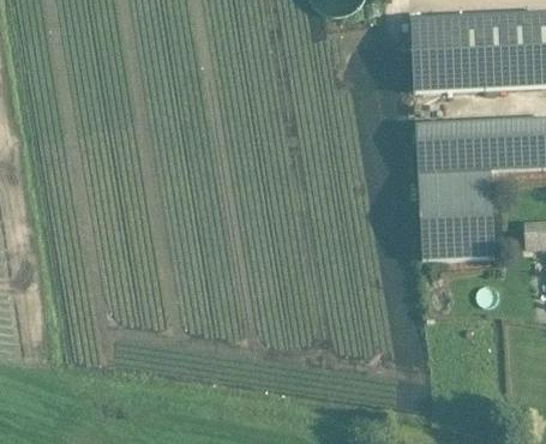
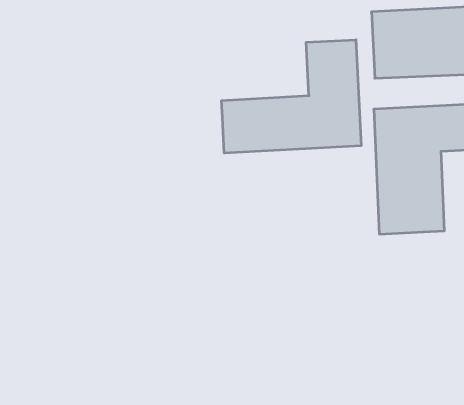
building: none -> [222,40,361,153]

